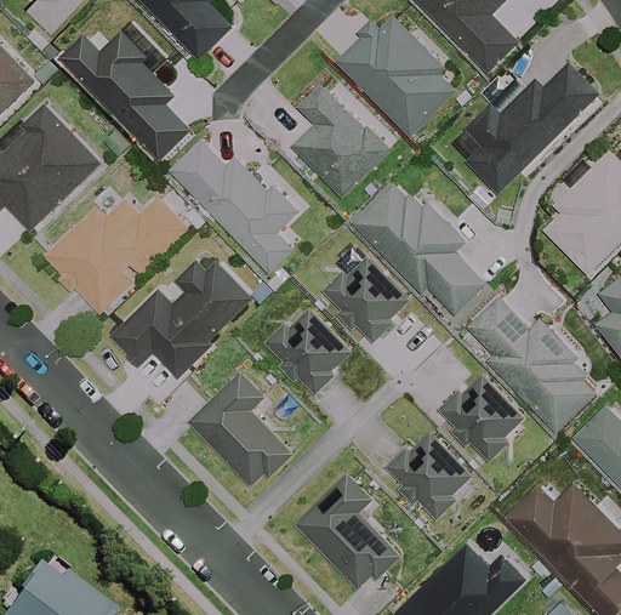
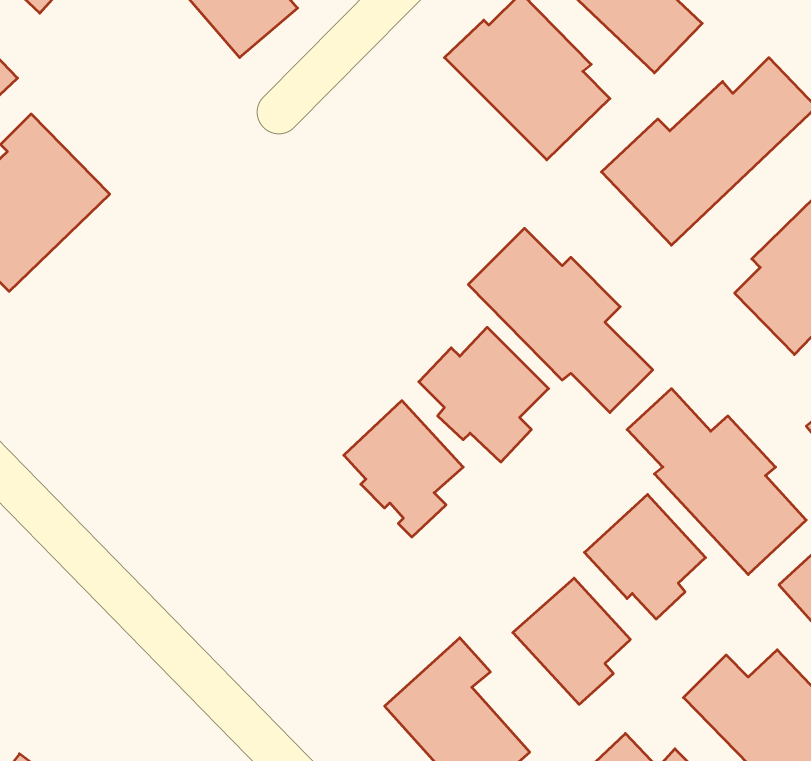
building: [61,29,189,160] -> none
building: [292,85,389,197] -> none
building: [171,141,302,273] -> none
building: [45,195,190,313] -> none
building: [113,250,253,382] -> none
building: [189,371,292,489] -> none

